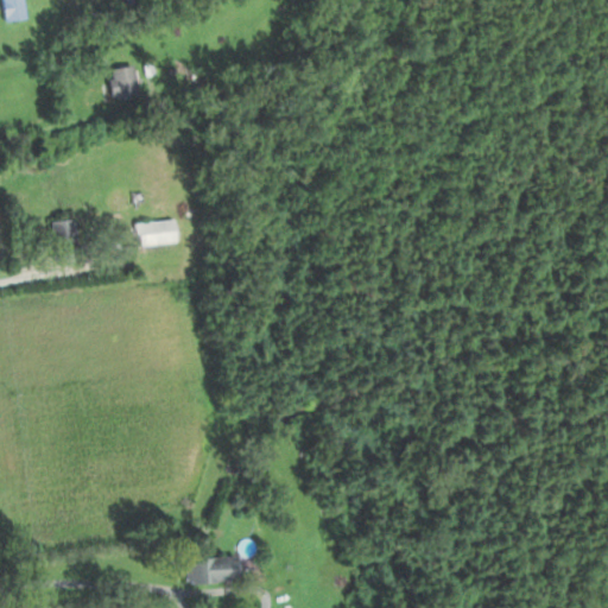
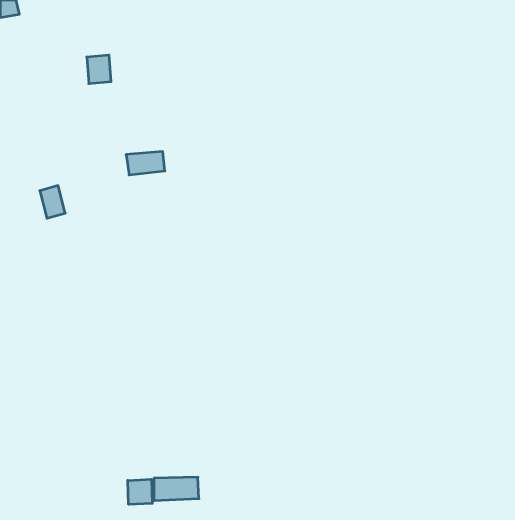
building: [134,220,179,247] -> [126,152,165,175]
building: none -> [128,479,152,504]

